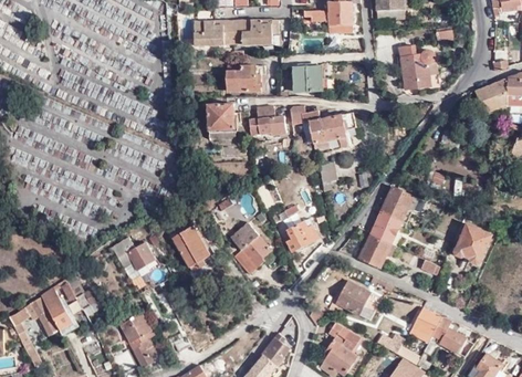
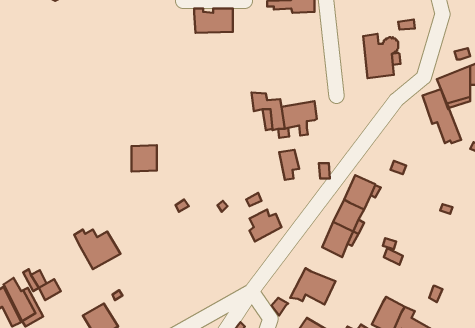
building: [194,19,232,43] -> none
building: [227,64,260,90] -> none
building: [291,64,319,87] -> none
building: none -> [422,89,461,143]
building: [208,103,233,129] -> [132,145,157,172]
building: [247,105,284,136] -> none
building: [228,221,271,274] -> none
building: [455,222,493,264] -> none
building: [170,224,209,268] -> none

